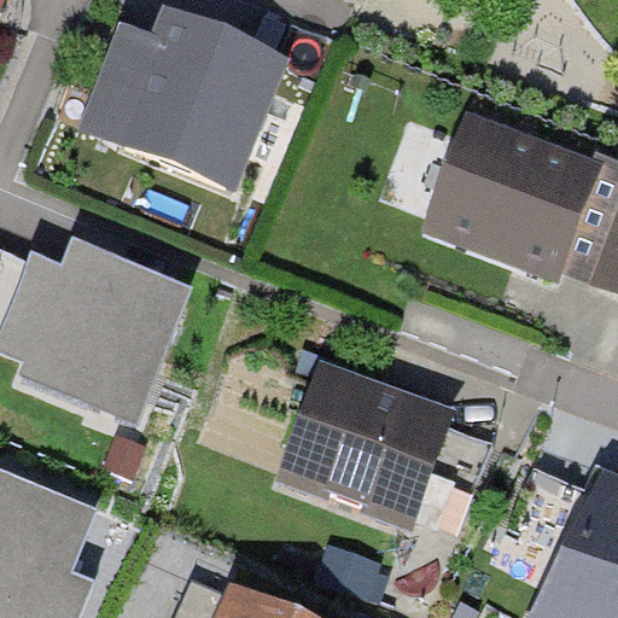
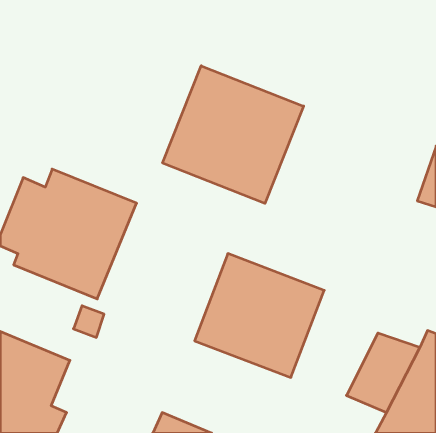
building: [78,8,291,191] -> none
building: none -> [163,66,304,203]
building: [422,112,604,281] -> none

